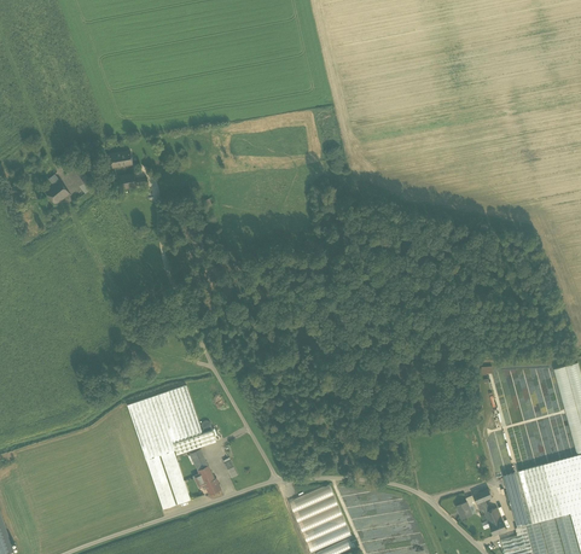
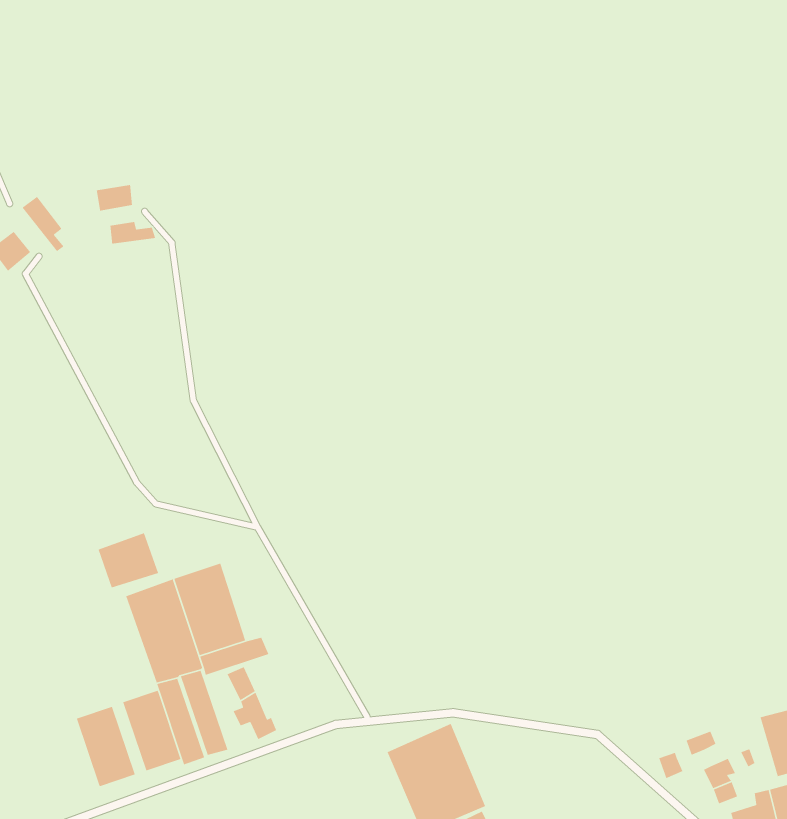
building: none -> [97,532,159,589]
building: none -> [122,690,182,772]
building: none -> [76,706,136,787]

